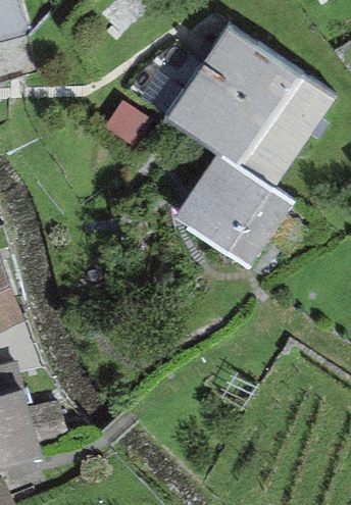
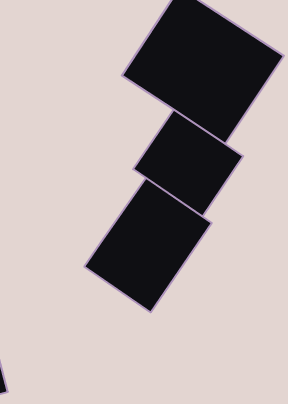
building: none -> [84,178,212,312]

